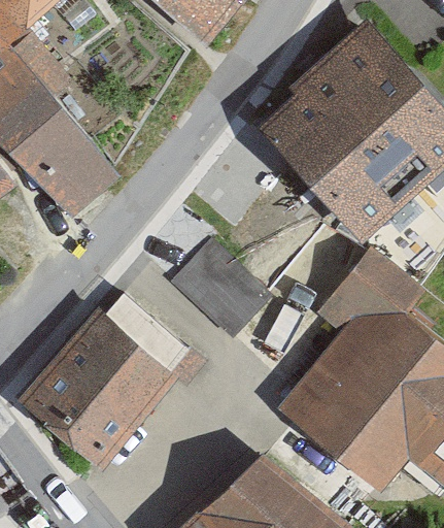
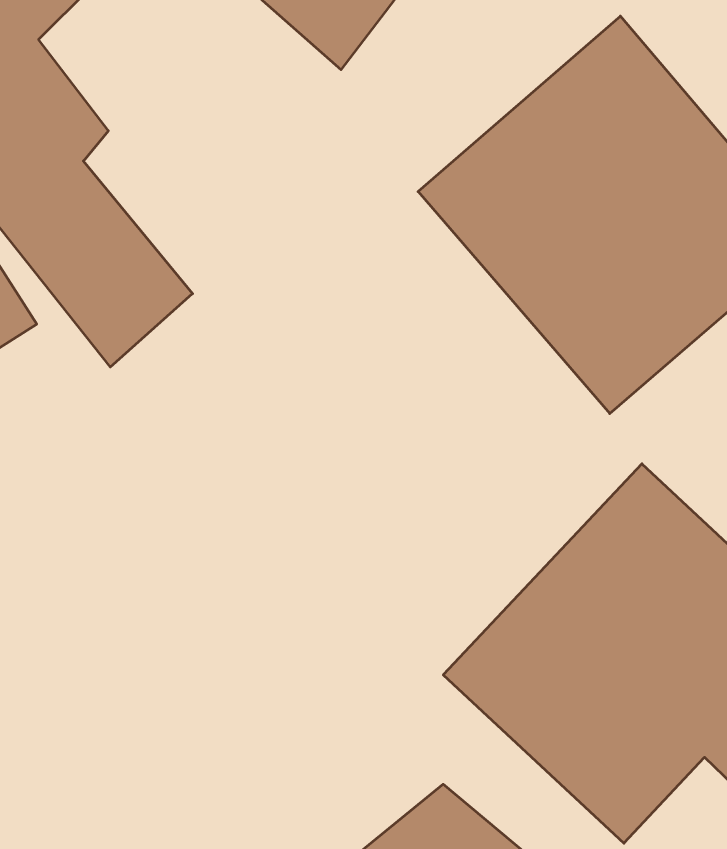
building: [182,239,267,330] -> none
building: [19,308,179,471] -> none

